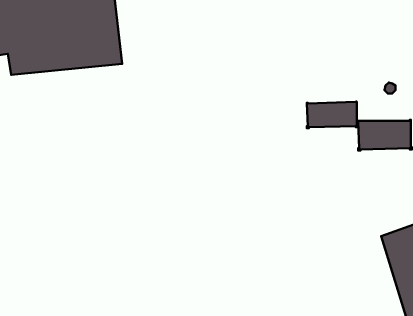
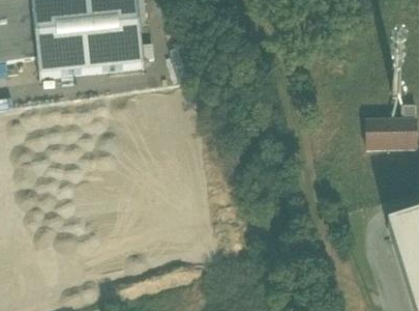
building: [307,102,358,128] -> none

